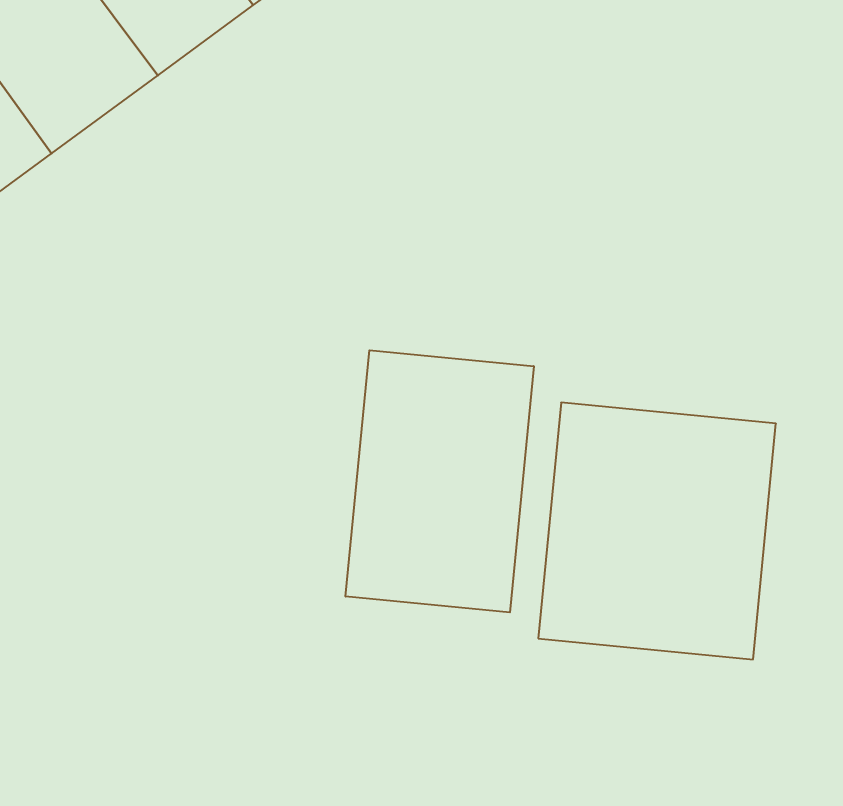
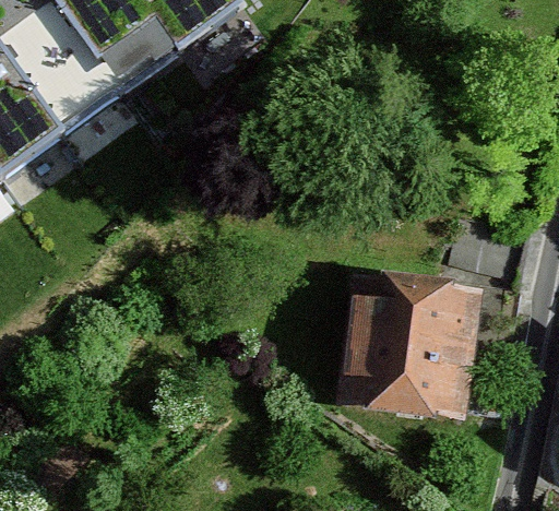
building: [346,350,534,612] -> none

